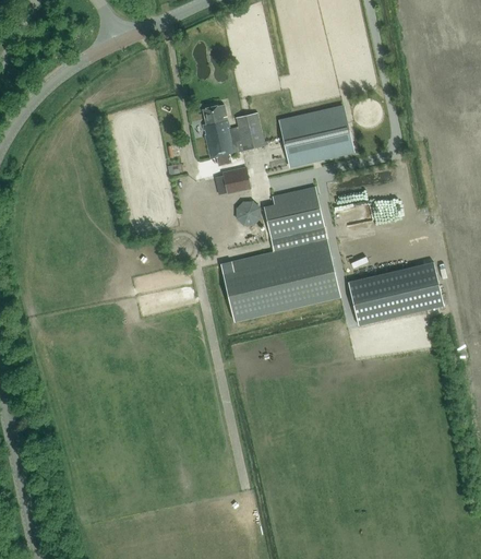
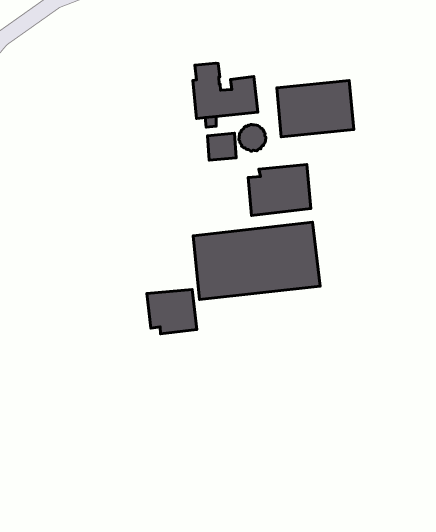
building: [236,201,260,225] -> [239,124,266,151]
building: [348,263,443,325] -> none
building: none -> [147,290,197,334]

